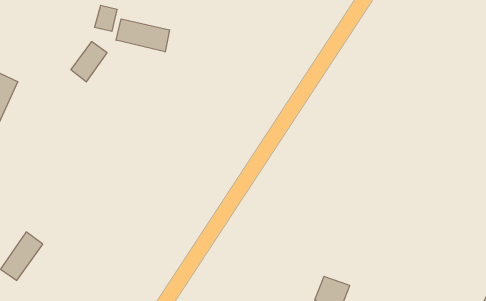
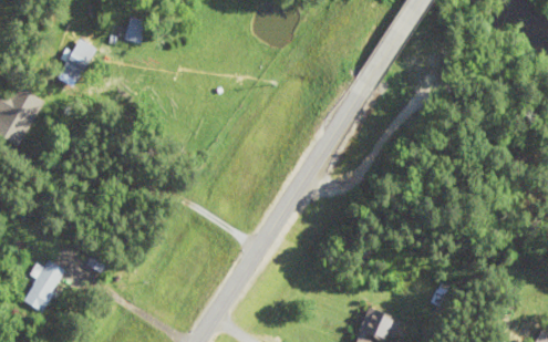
building: [116,19,170,52] -> none
building: [71,42,107,82] -> [59,39,97,82]

